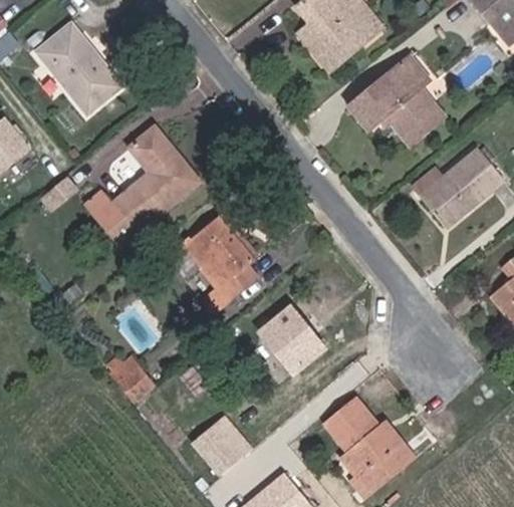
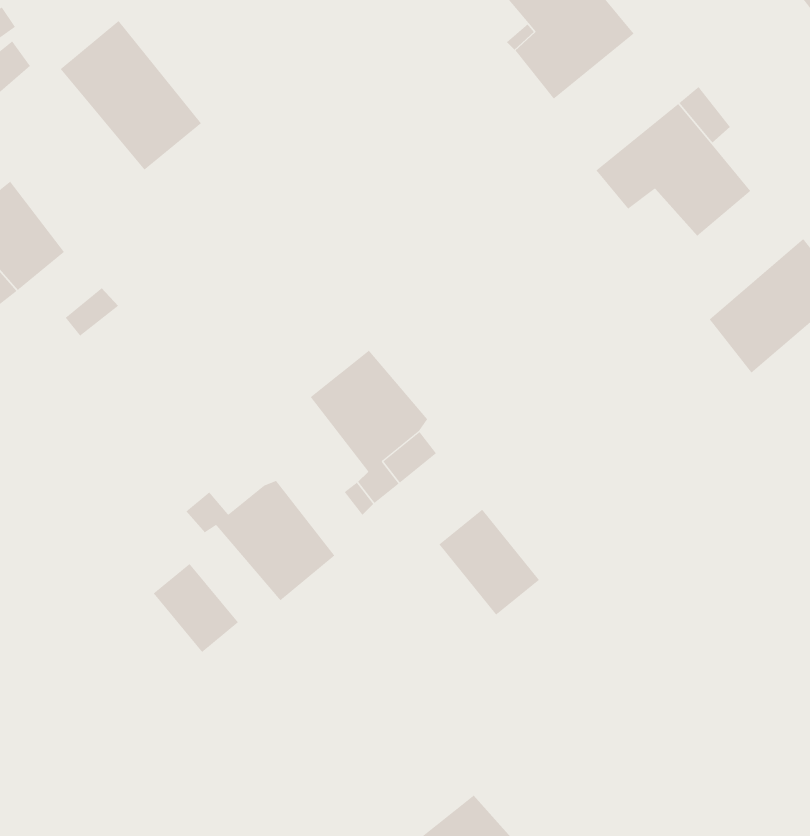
building: [84,124,201,245] -> none
building: none -> [186,480,335,601]
building: [323,400,417,490] -> none
building: [192,419,249,476] -> none

